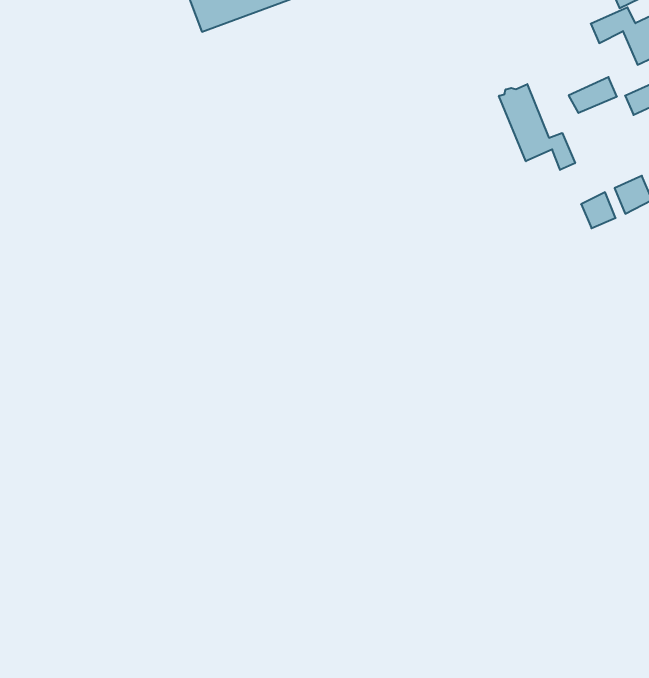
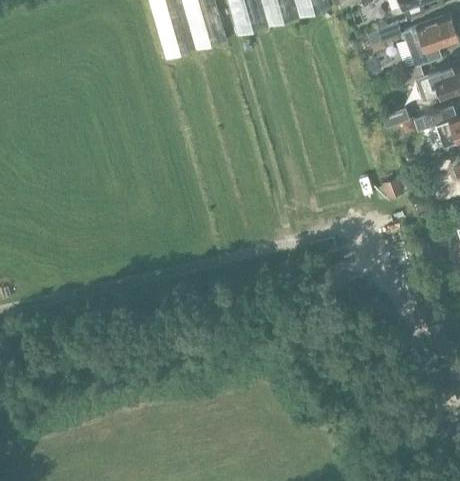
building: [499,84,575,170] -> none

